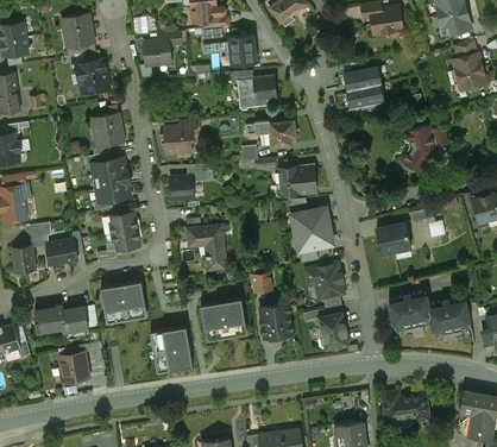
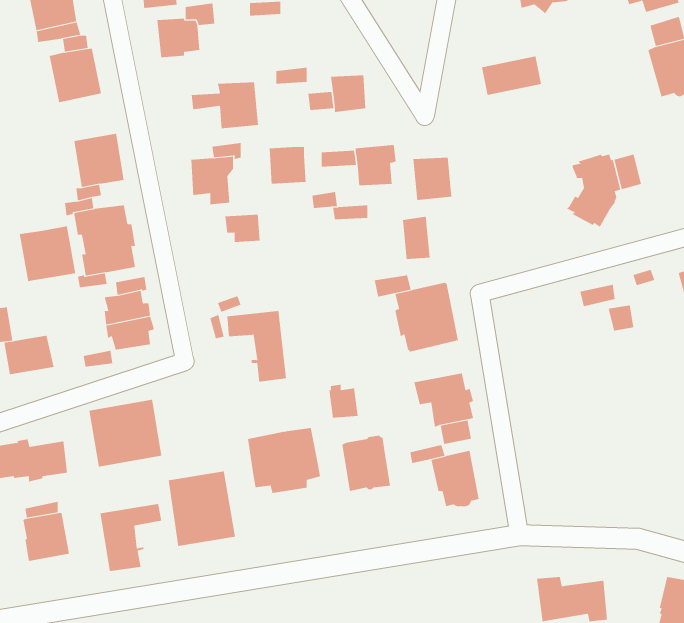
building: [213,36,256,65] -> [191,82,259,129]
building: [352,82,390,106] -> none
building: [276,168,301,195] -> [413,157,452,200]
building: none -> [19,225,76,282]
building: [170,176,194,200] -> [269,146,307,184]
building: [377,222,410,257] -> none
building: [389,291,471,340] -> none
building: none -> [100,503,162,572]

